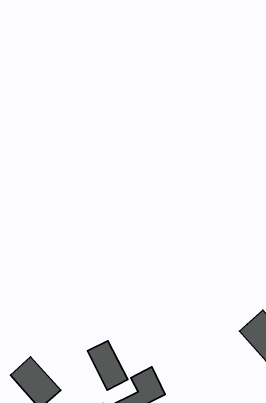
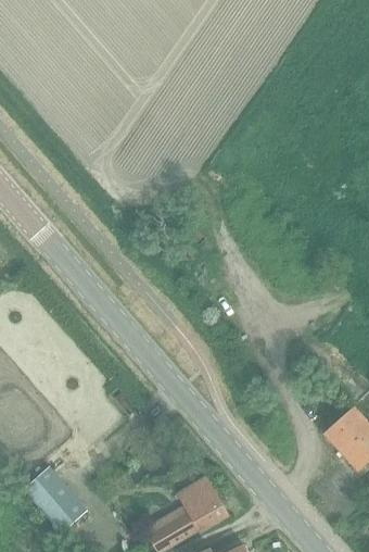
building: [87,341,128,390] -> none

